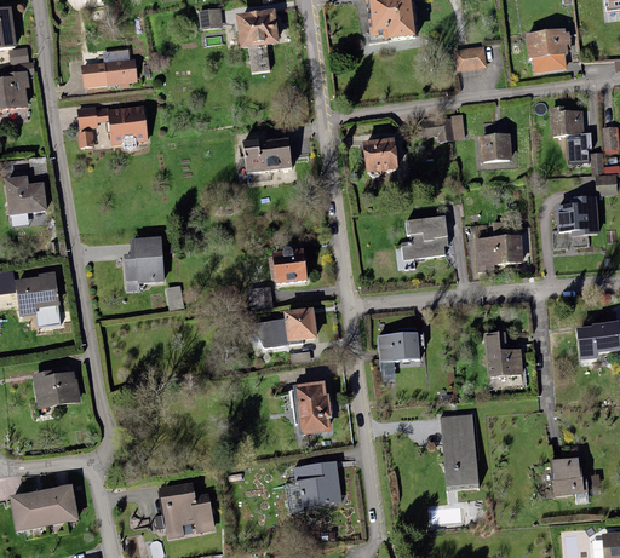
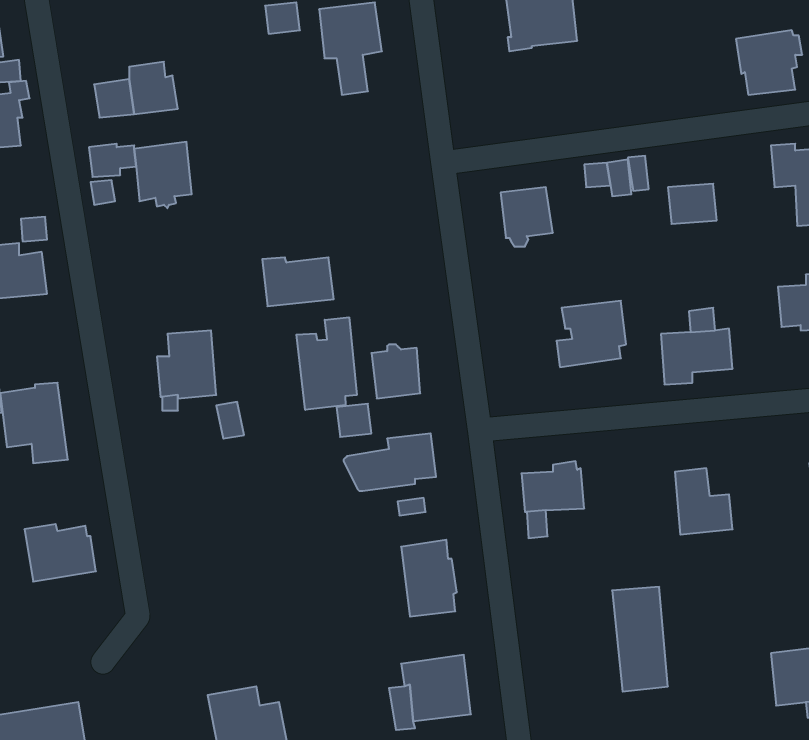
building: [453,46,487,71] -> none
building: [242,138,292,172] -> [262,257,334,306]
building: none -> [296,317,357,410]

